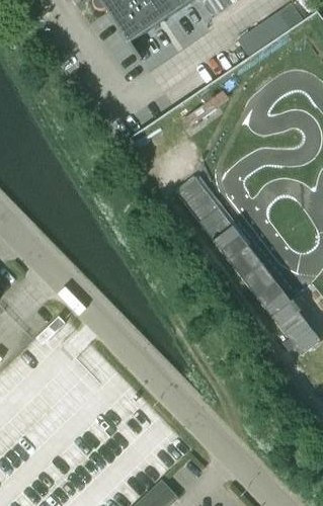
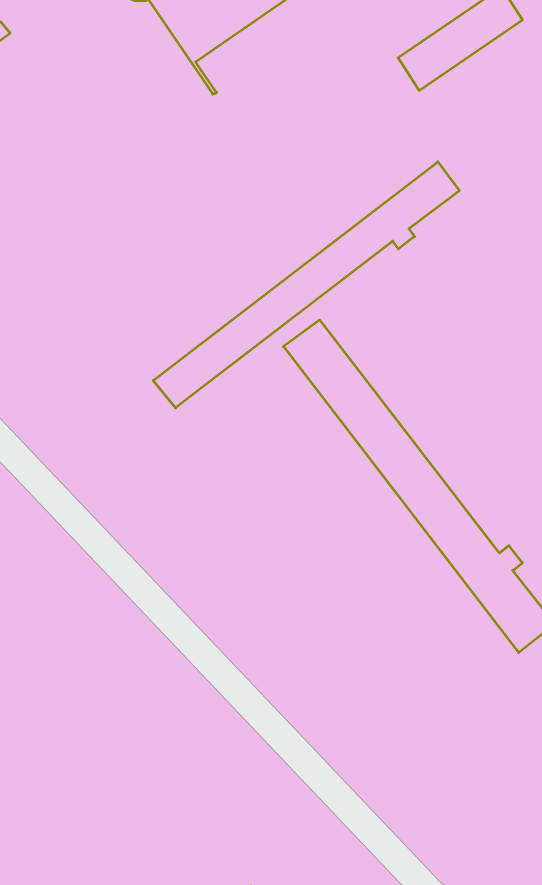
building: none -> [153,162,459,408]

